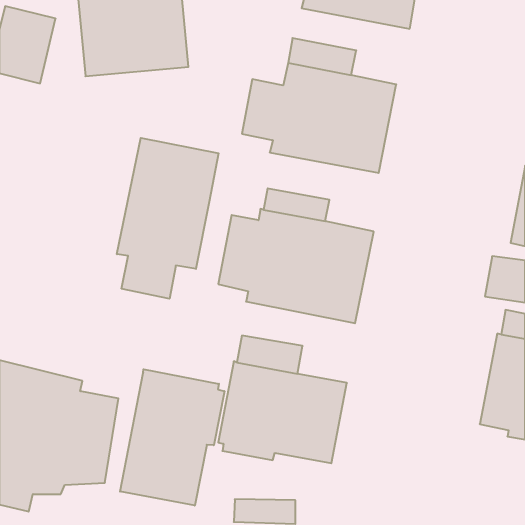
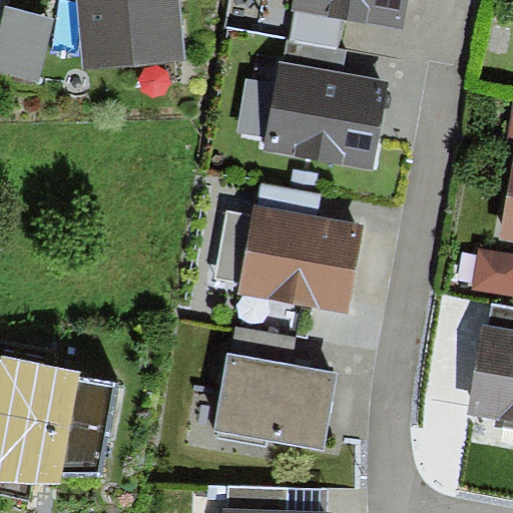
building: [117,138,219,299] -> none
building: [120,369,224,506] -> none

